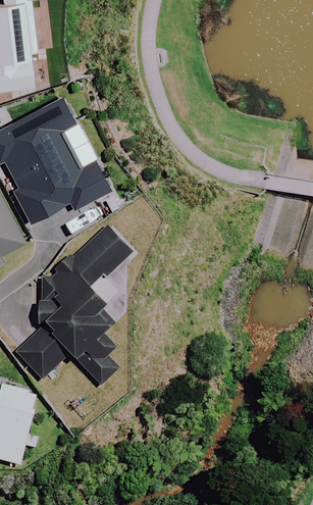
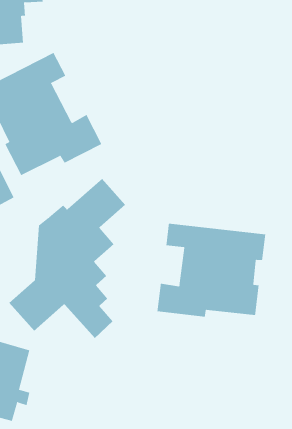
building: none -> [157,223,266,318]

